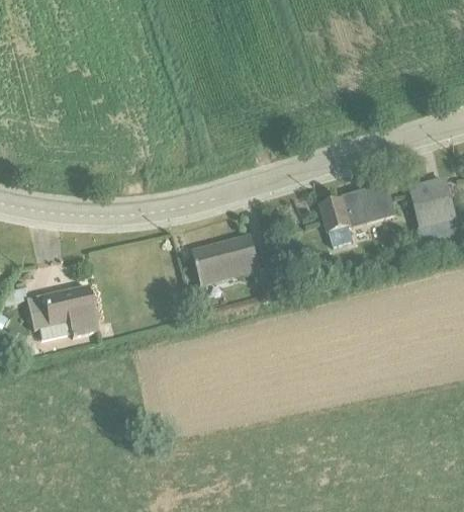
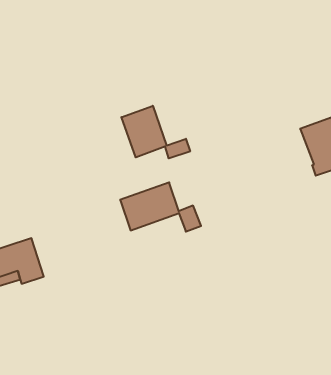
building: none -> [121,106,190,158]
building: [319,184,395,246] -> none

